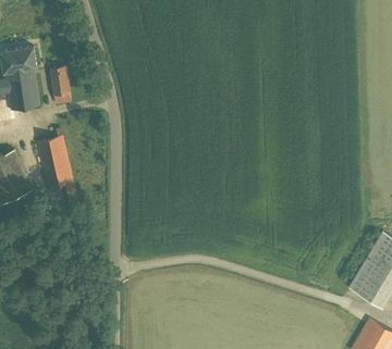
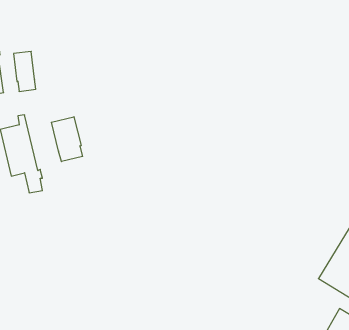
building: none -> [51,117,83,162]

